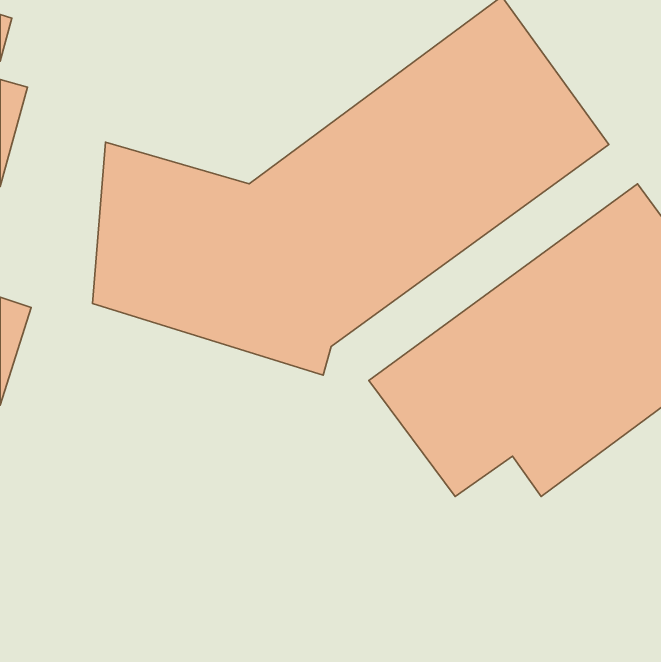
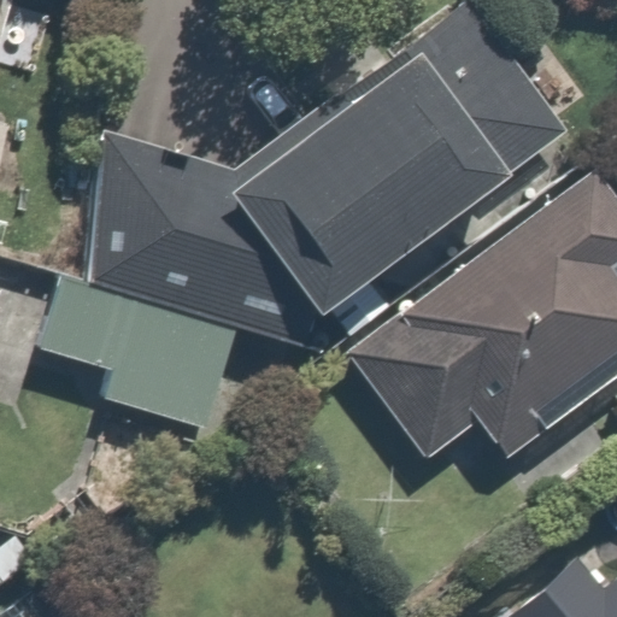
building: none -> [55,287,231,434]

